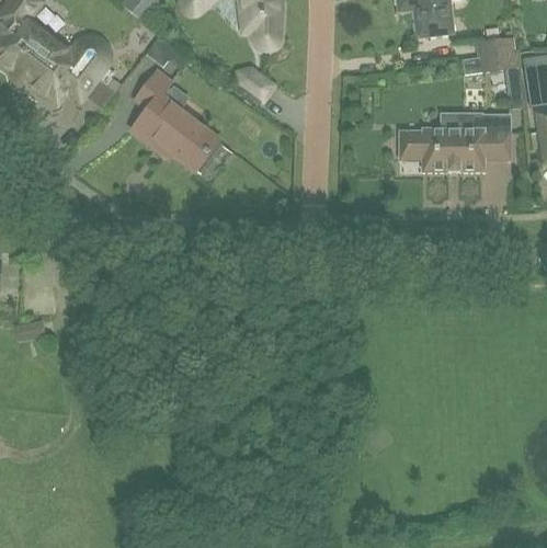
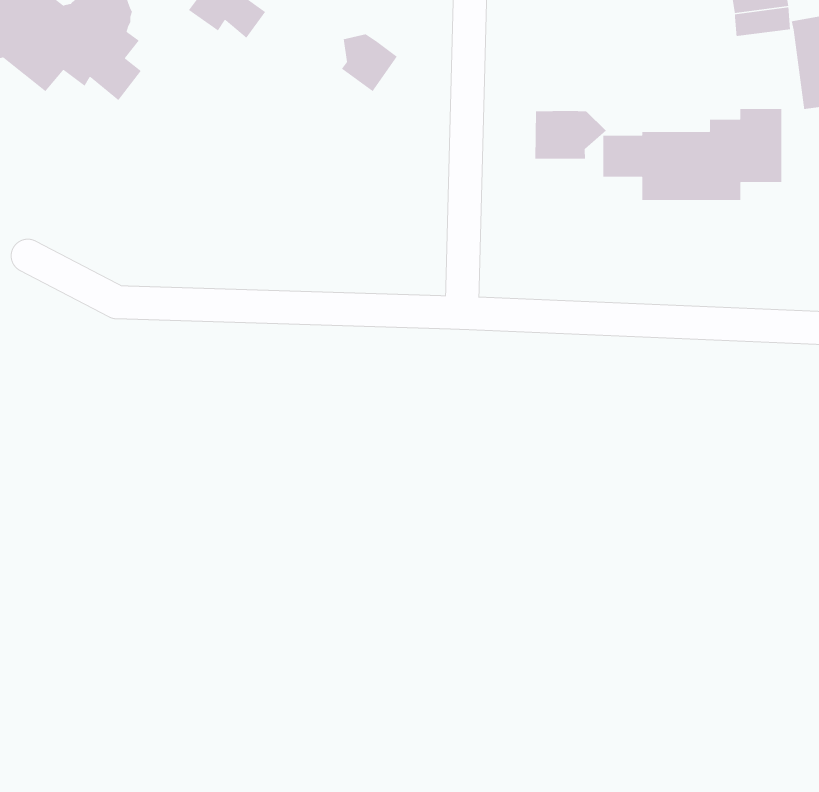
building: [132,71,218,169] -> none
building: none -> [534,110,607,160]

